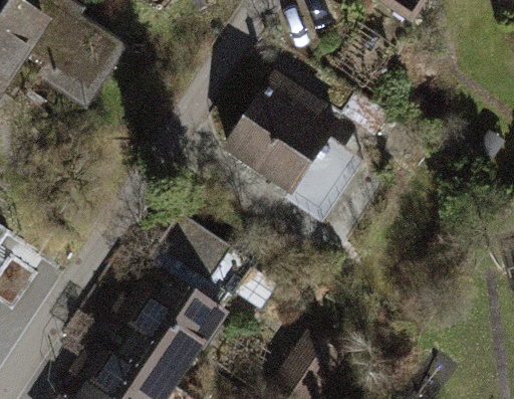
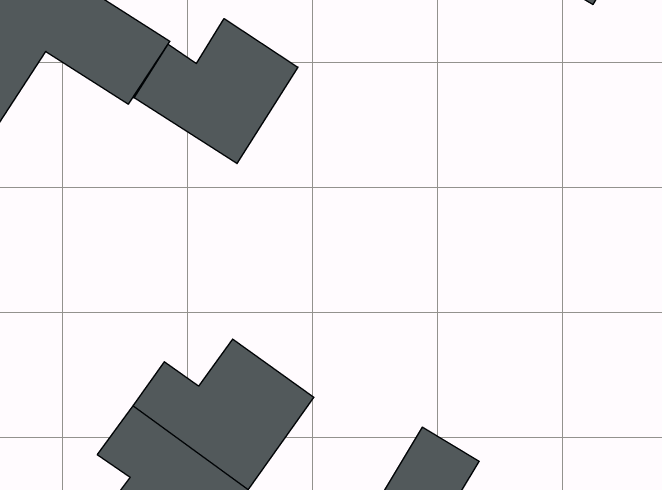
building: none -> [134,19,298,164]
building: [228,82,347,201] -> none

